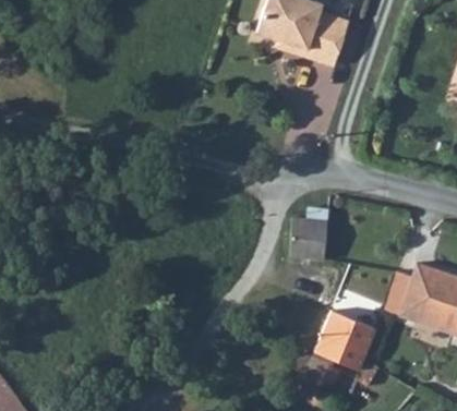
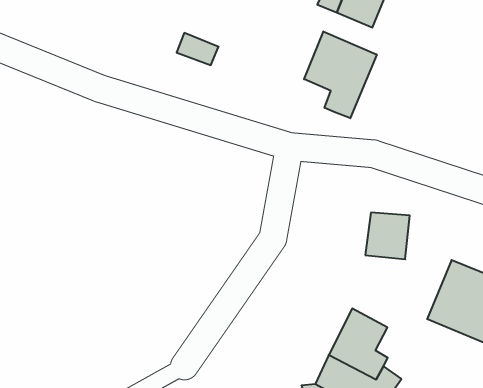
building: none -> [304,31,377,118]
building: [290,219,326,257] -> [365,213,410,259]

